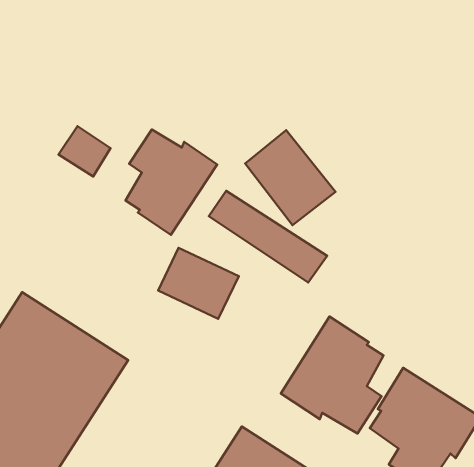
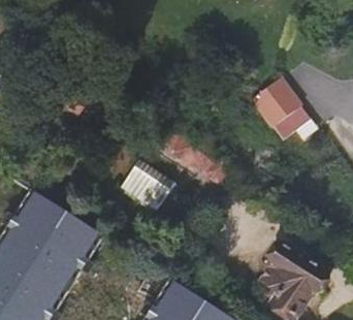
building: [125,130,217,235] -> none
building: [245,130,335,225] -> [251,78,310,140]
building: [281,316,384,433] -> none

